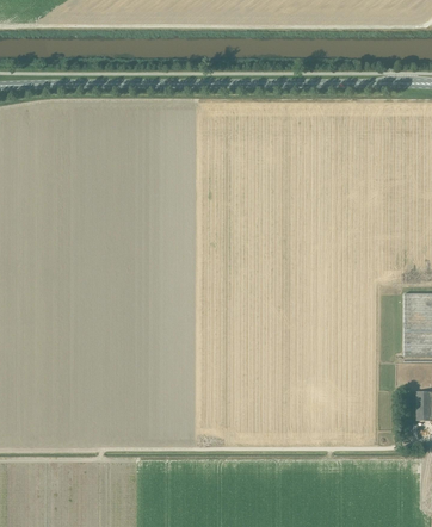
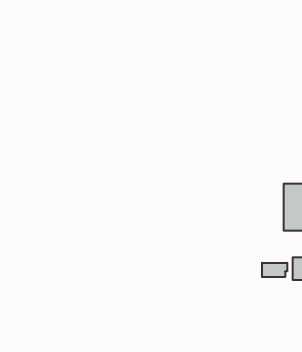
building: none -> [262,263,287,277]

